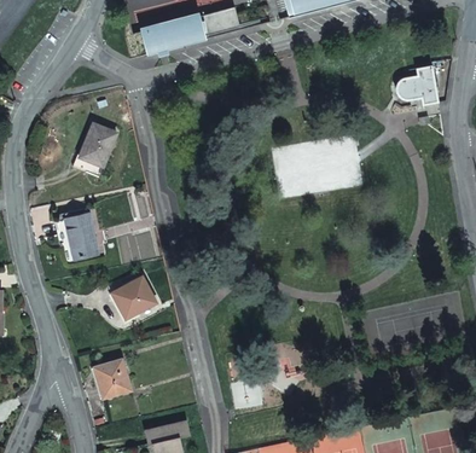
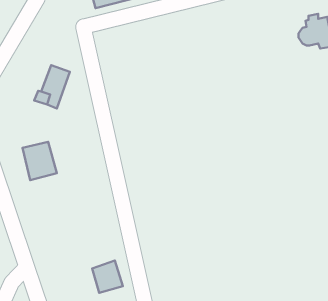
building: [112,278,157,320] -> none
building: [94,360,132,400] -> [92,260,123,293]

